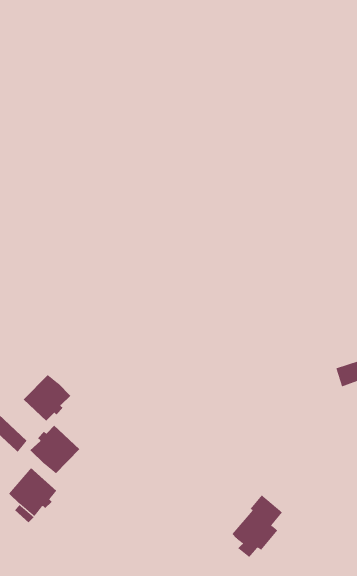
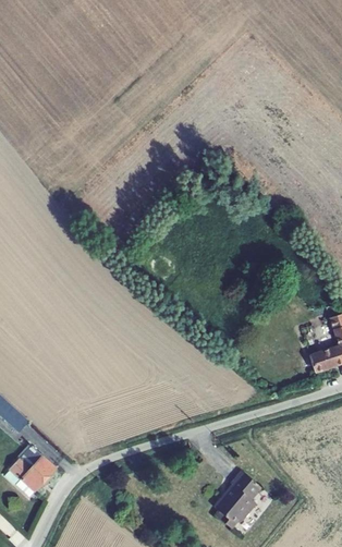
building: [23,374,71,421] -> none
building: [30,425,80,474] -> none

